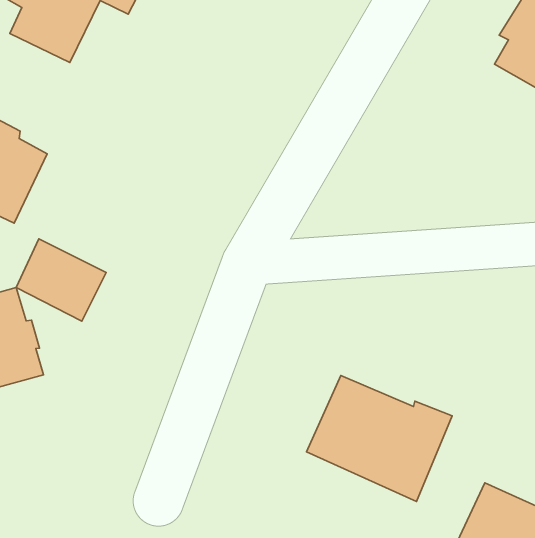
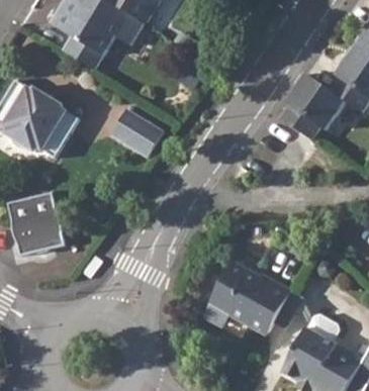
building: none -> [280,74,346,140]
building: [16,239,106,321] -> [107,108,159,157]

